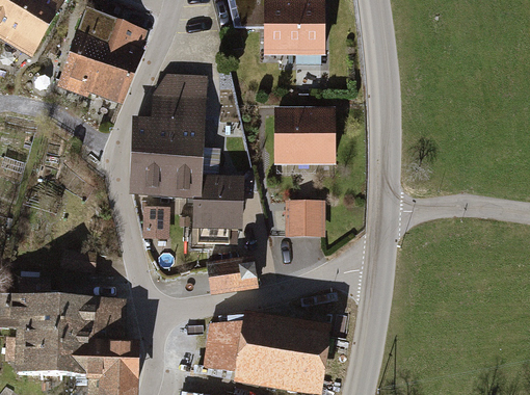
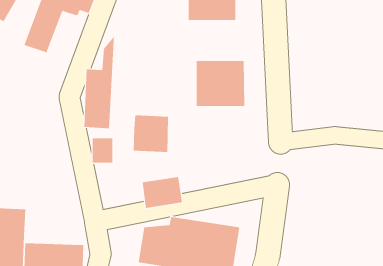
building: [87,44,144,107] -> none
building: [165,74,202,194] -> none
building: [285,199,324,235] -> none
building: [57,295,121,340] -> none

